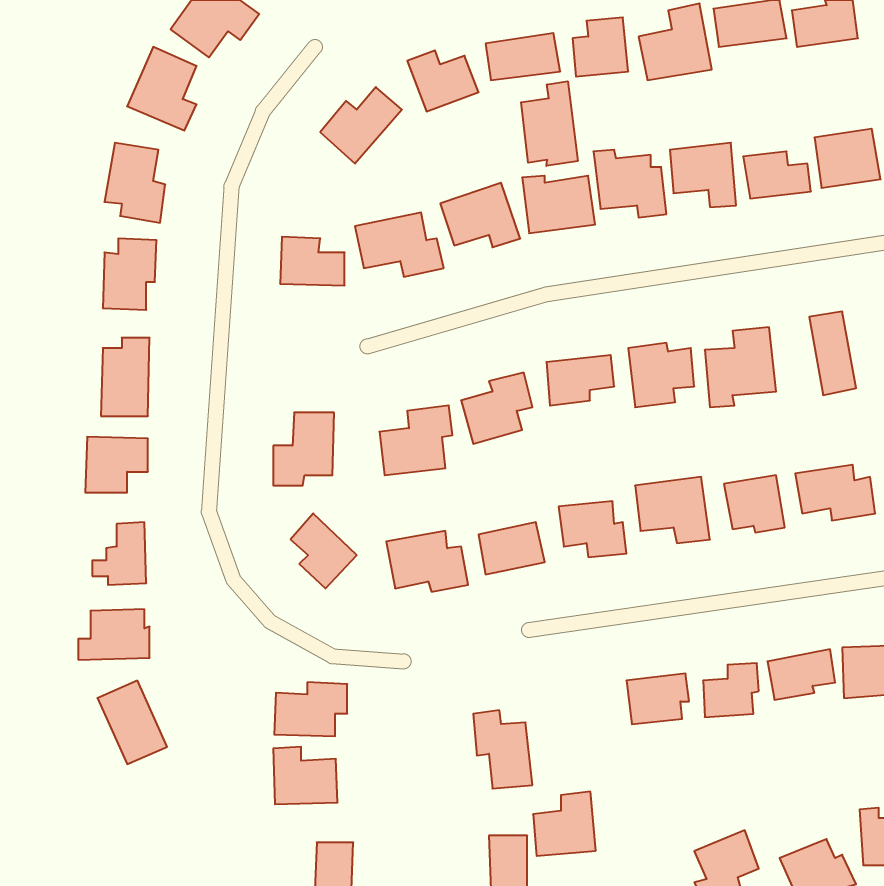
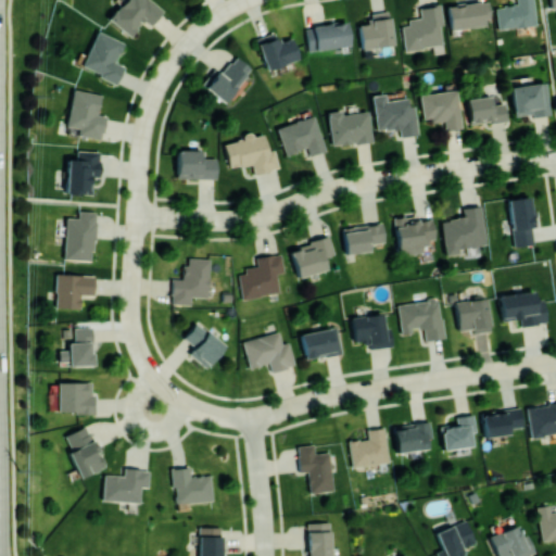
building: [521,81,578,166] -> none
building: [274,682,347,736] -> [104,469,150,503]
building: [533,792,596,856] -> [351,428,390,468]

